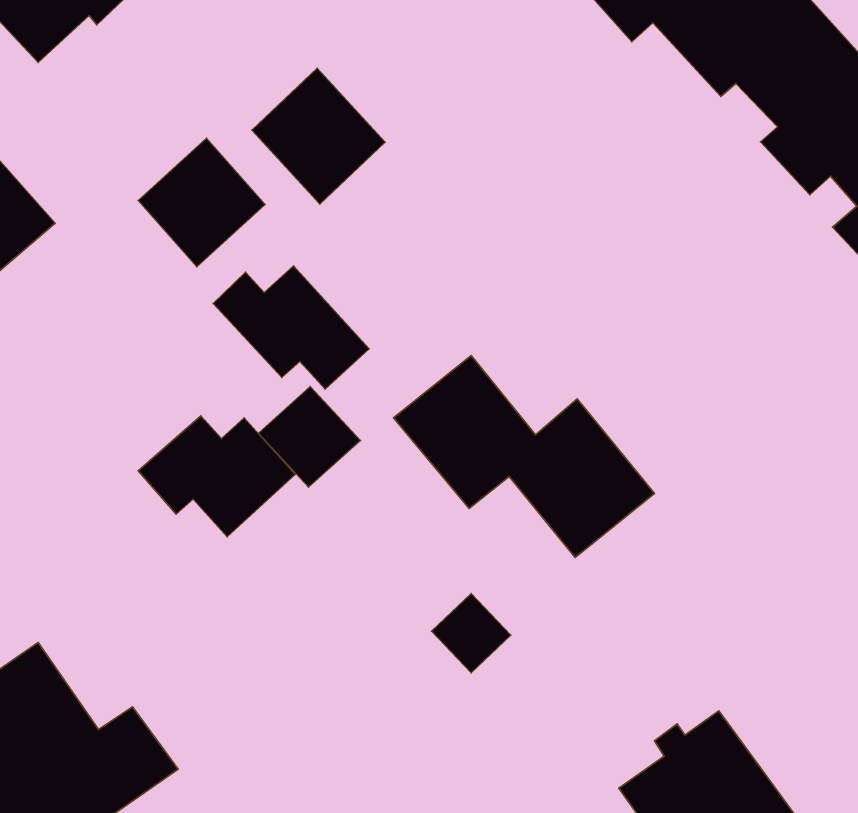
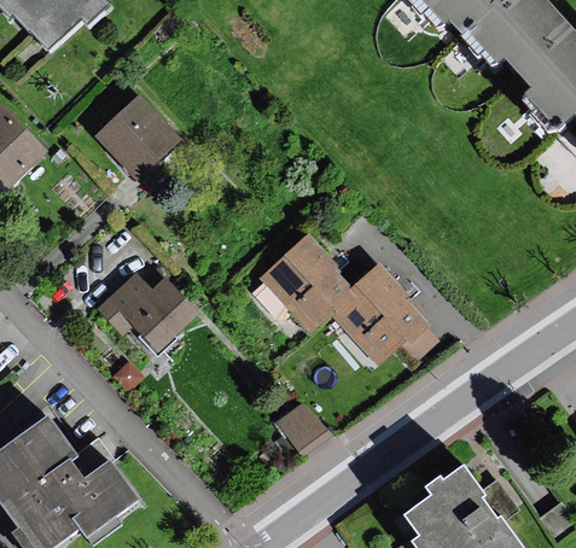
building: [252,68,385,204] -> none
building: [213,266,369,389] -> none
building: [258,386,360,487] -> none

